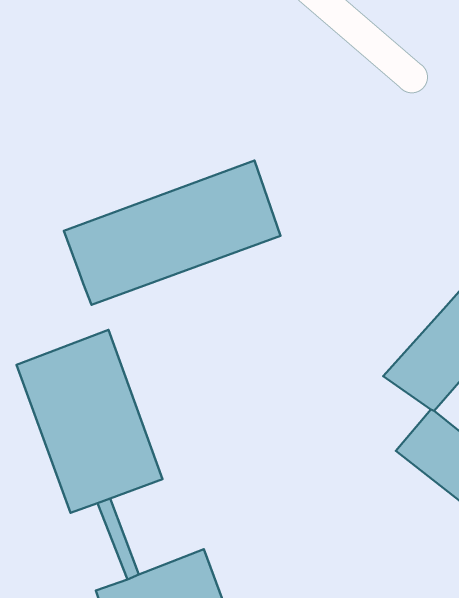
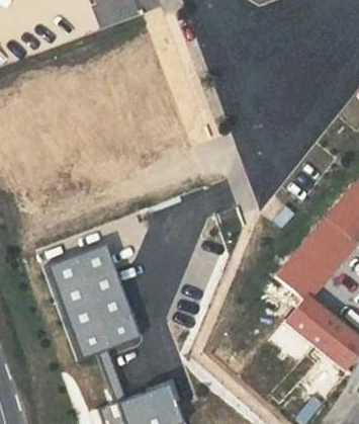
building: [64,161,280,305] -> none

